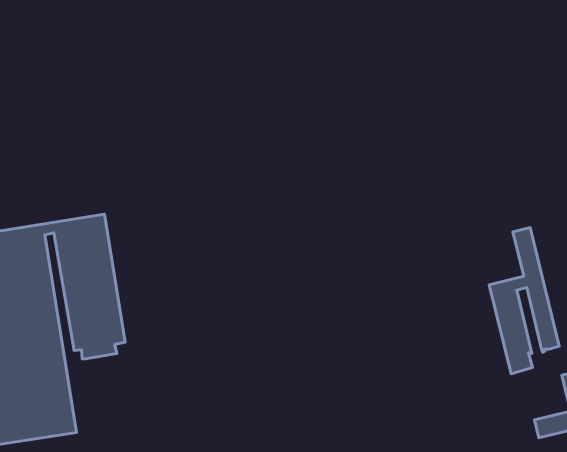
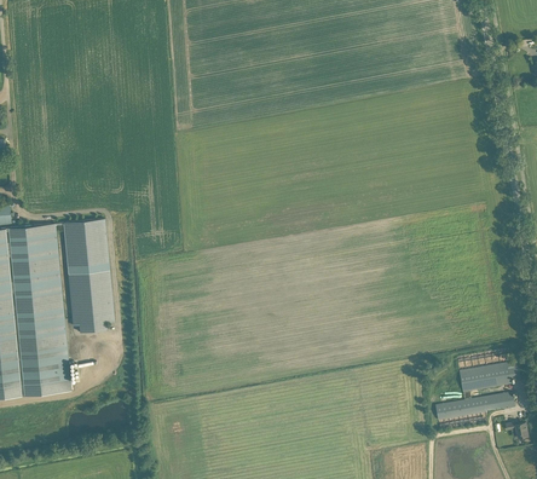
building: [489,228,559,374] -> none

